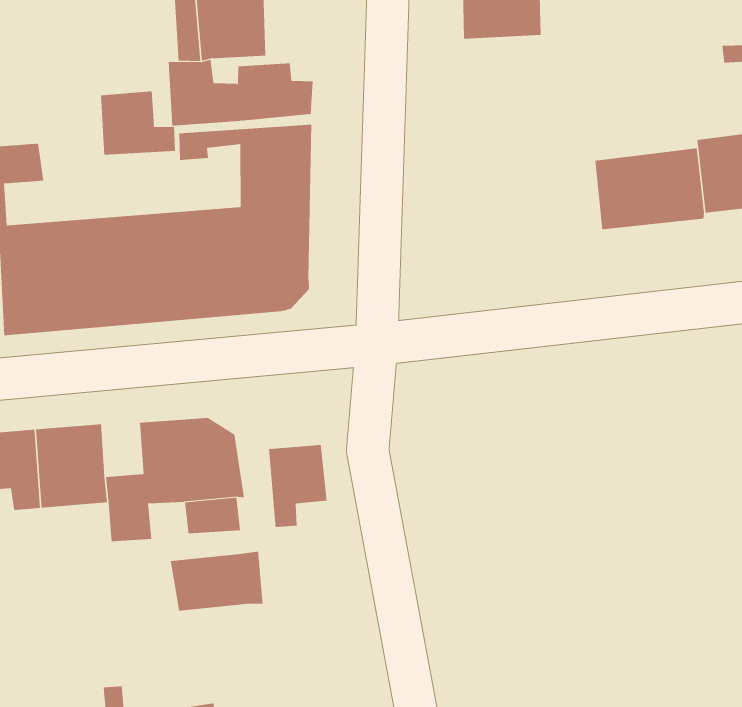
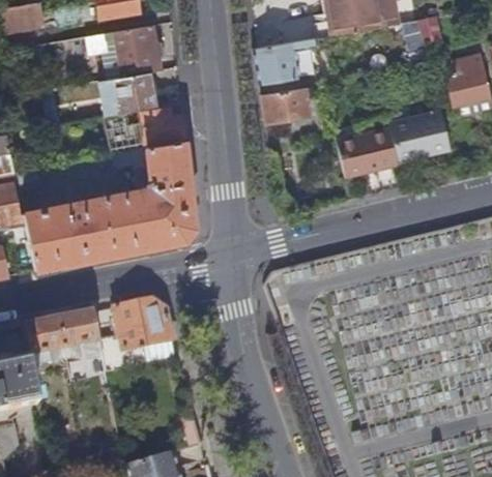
building: none -> [261,86,309,121]
building: [100,90,176,156] -> none
building: [268,444,327,528] -> none
building: [170,551,263,612] -> none

